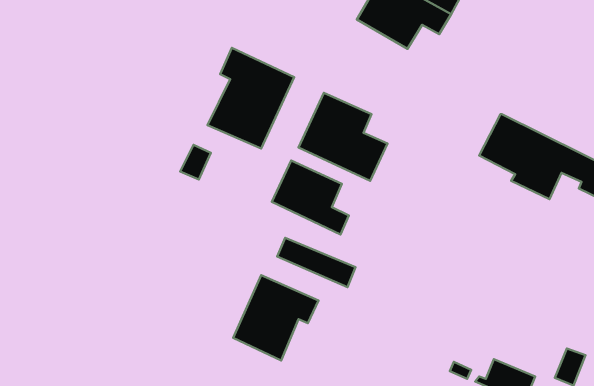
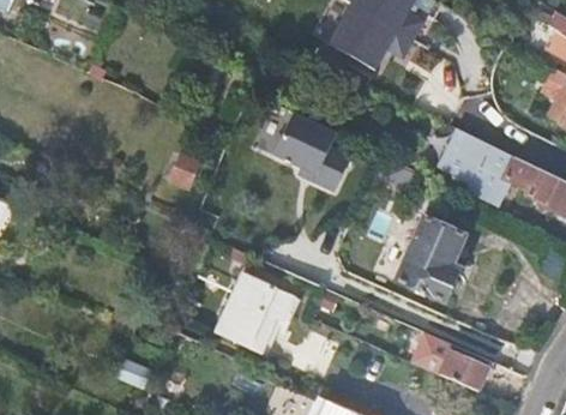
building: [208,48,294,149] -> none
building: [272,161,349,235] -> none
building: none -> [397,216,465,300]

